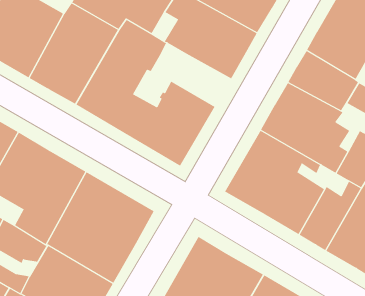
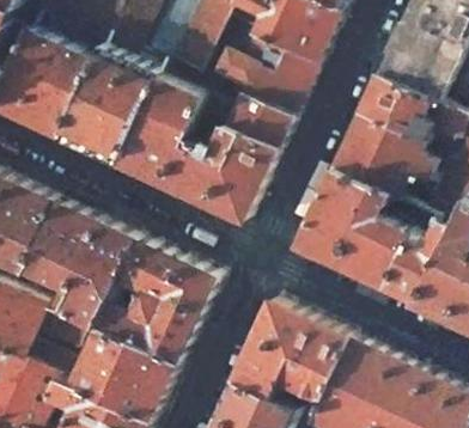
building: none -> [197,96,290,153]

